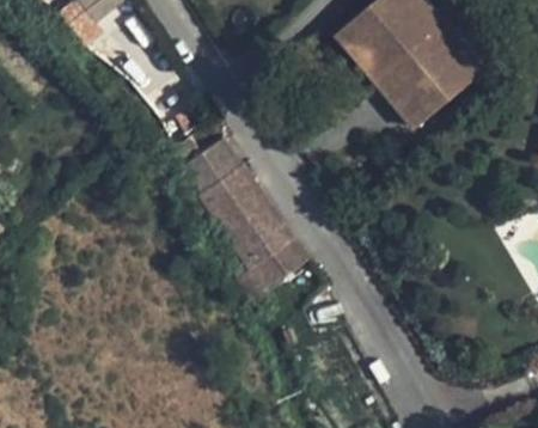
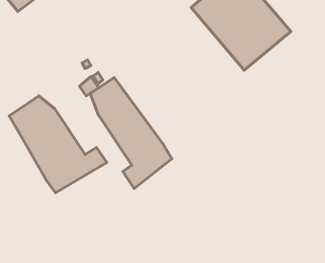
building: none -> [9,96,107,193]

